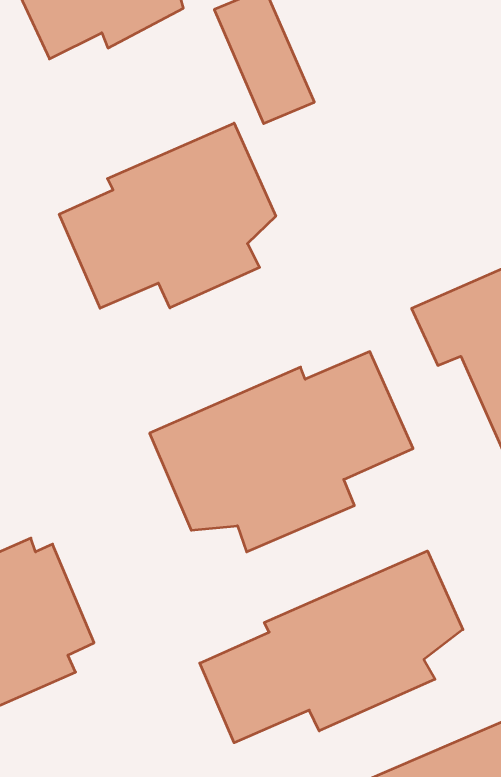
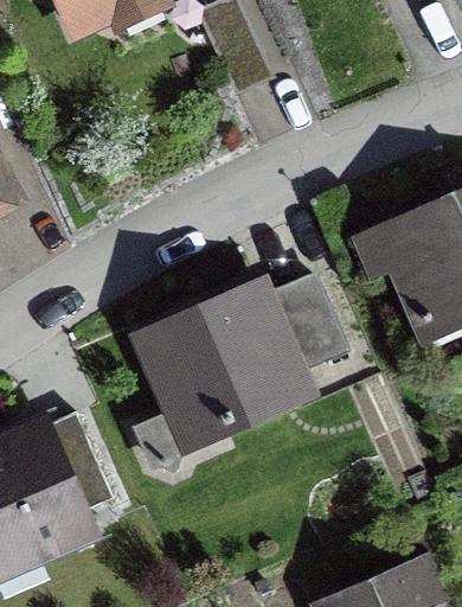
building: [59,123,276,308] -> none
building: [200,551,463,743] -> none

